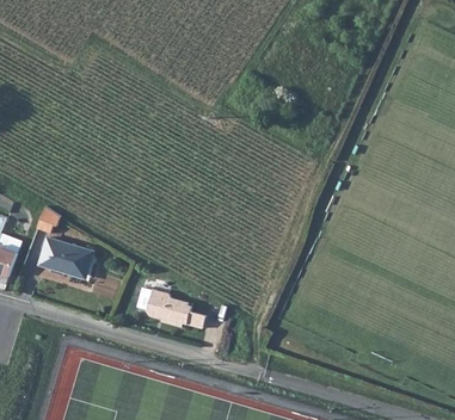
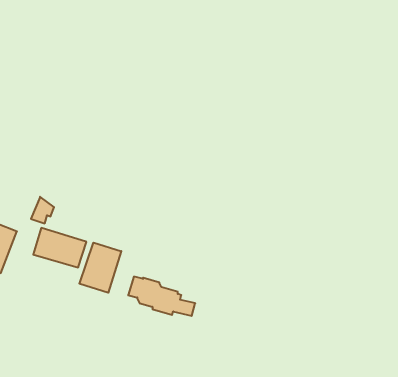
building: none -> [79,243,121,293]

